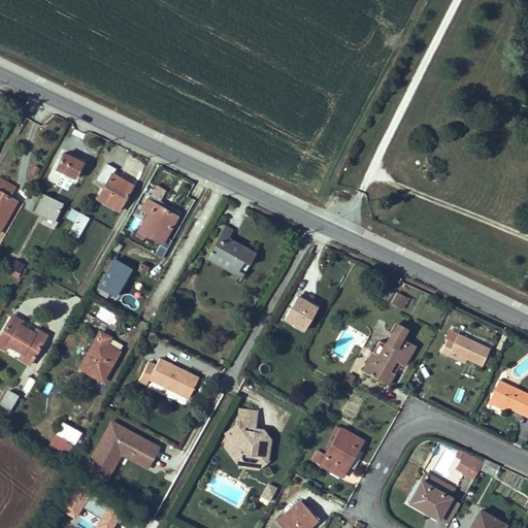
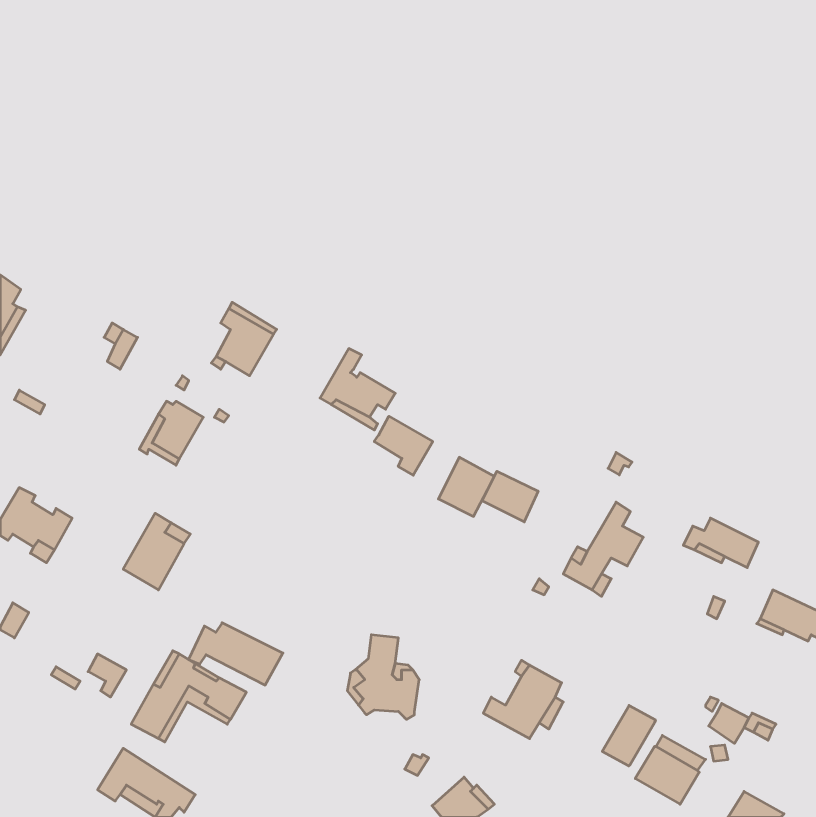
building: [56,152,84,177] -> none
building: [98,163,133,210] -> none
building: [36,193,64,218] -> none
building: none -> [374,416,433,475]
building: none -> [482,471,538,522]
building: [139,358,200,398] -> [188,623,283,685]
building: none -> [602,705,655,766]

